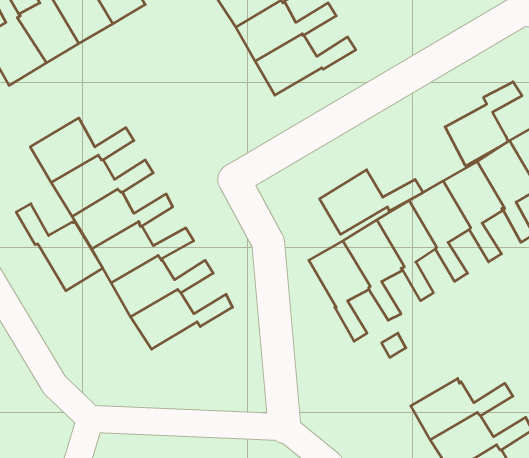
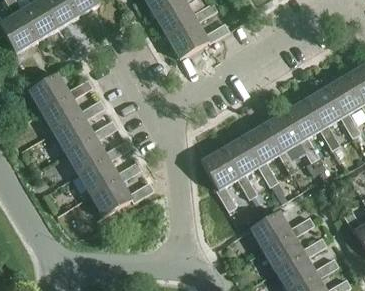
building: [445,82,522,166] -> none
building: [320,170,423,234] -> [250,211,314,251]
building: [16,204,103,291] -> none

